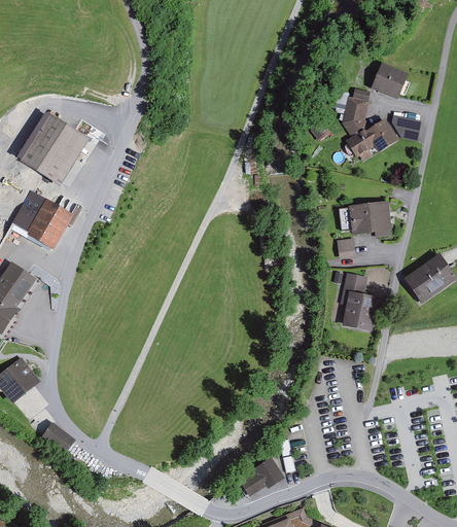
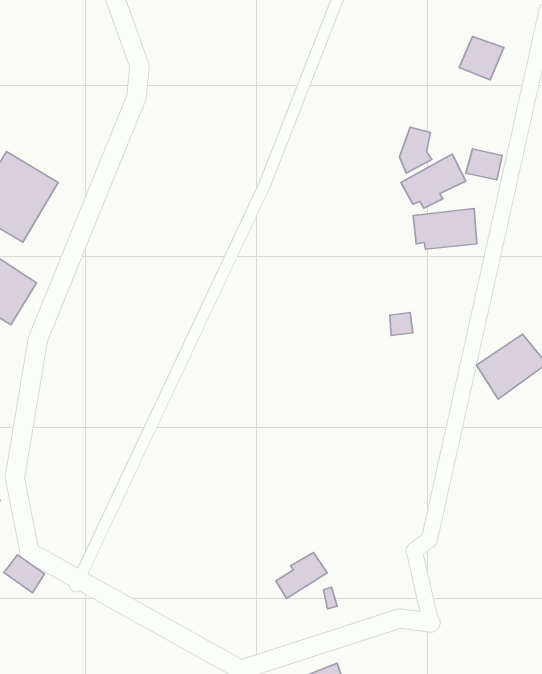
building: [371,64,405,97] -> [459,37,504,80]
building: [341,202,389,233] -> [413,209,477,249]
building: [338,272,377,332] -> none
building: [244,457,283,492] -> [276,552,327,598]

